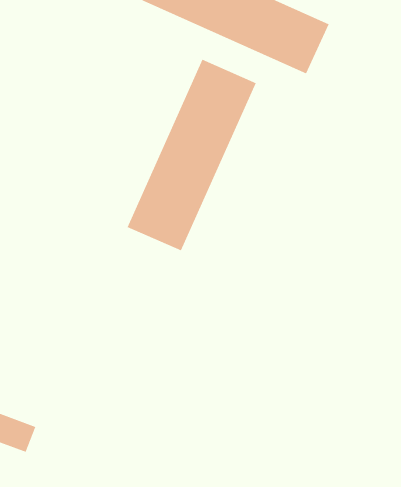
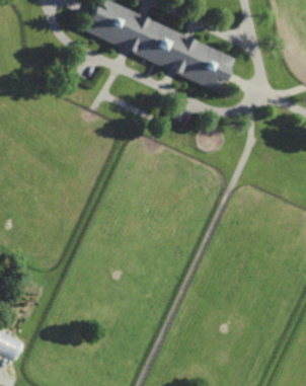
building: [127,59,256,251] -> none

